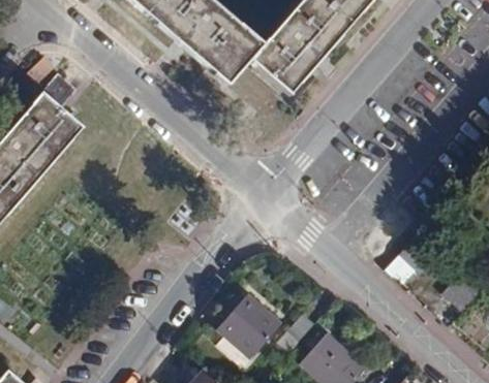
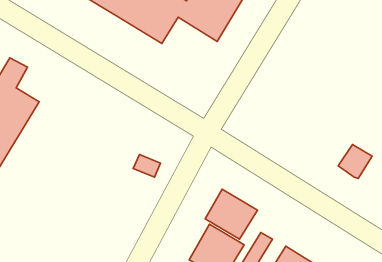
building: none -> [205,189,258,239]

